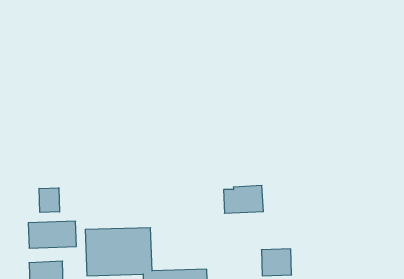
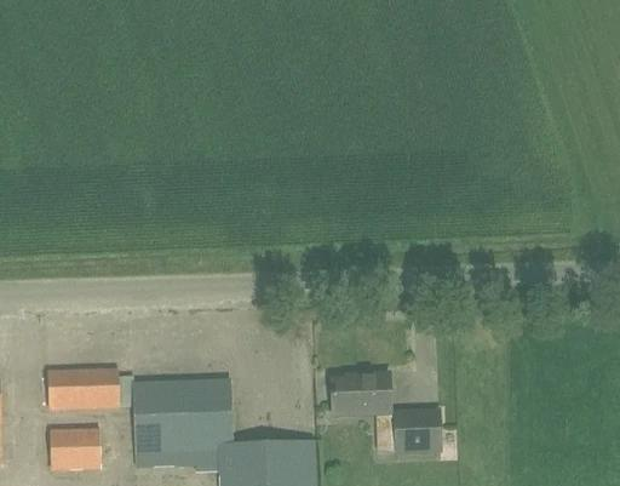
building: [224,186,263,213] -> [331,373,390,414]
building: [39,188,60,212] -> none

